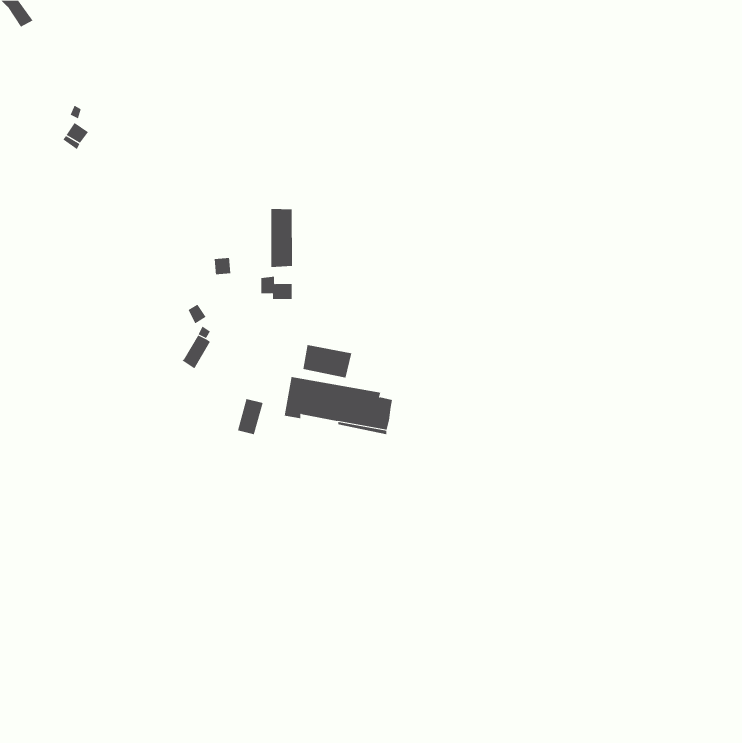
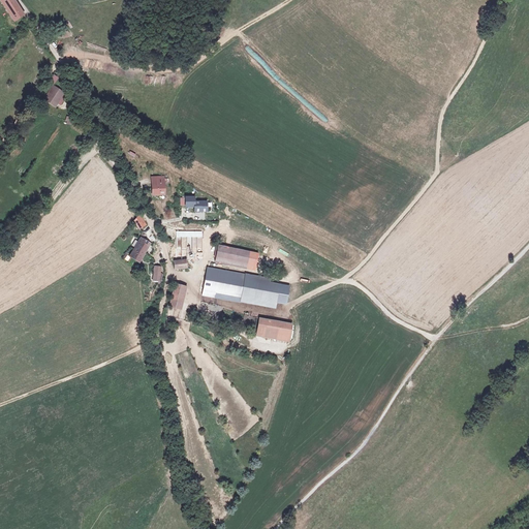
building: [271,208,292,268] -> none
building: none -> [257,316,293,340]

